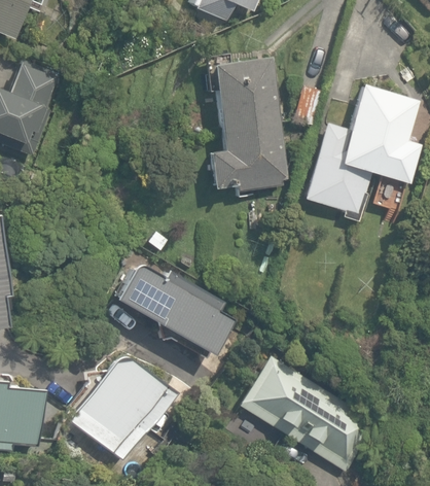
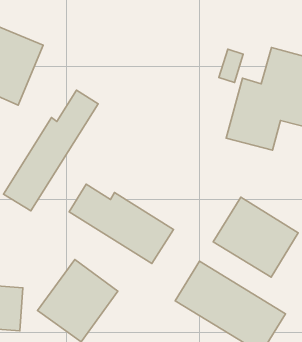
building: [204,49,287,188] -> none
building: none -> [3,90,98,211]
building: none -> [213,197,298,277]

